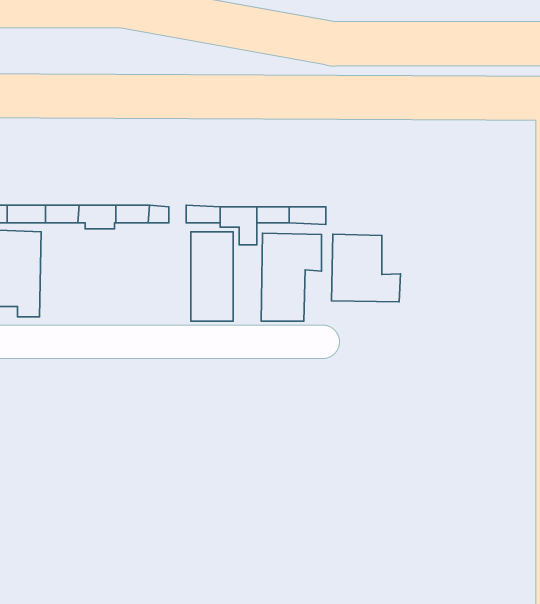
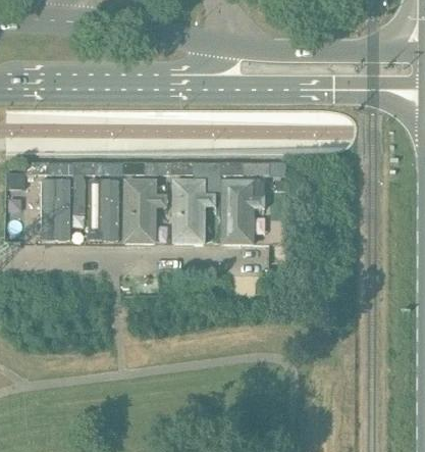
building: none -> [125,179,156,243]
building: none -> [89,180,118,238]
building: [332,234,400,302] -> none

